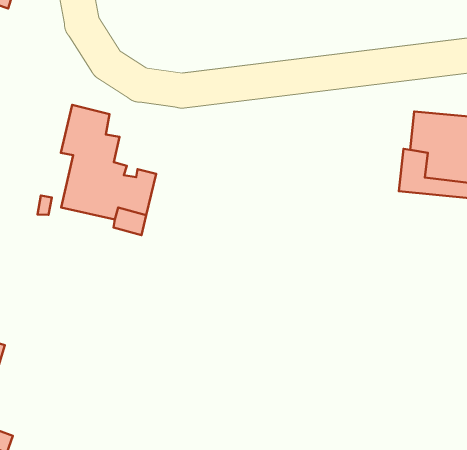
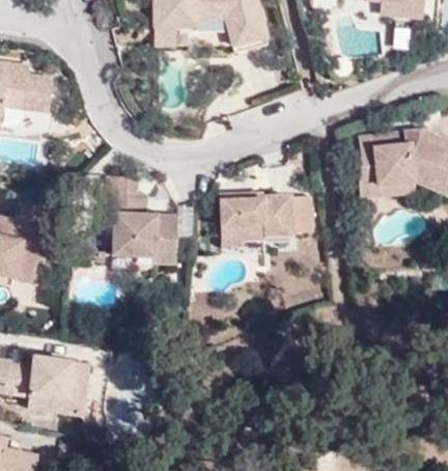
building: none -> [220,195,311,241]

